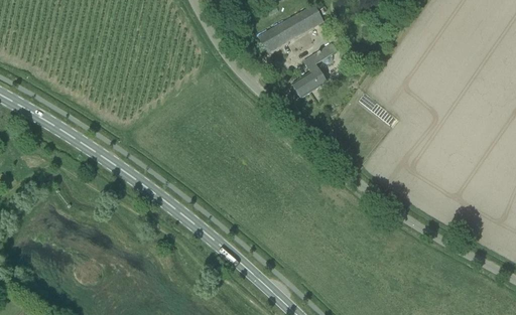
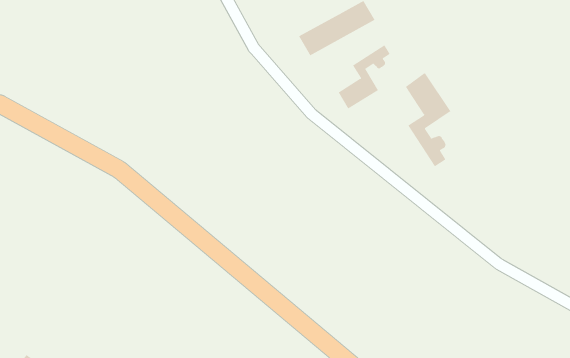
building: none -> [405,73,451,167]

